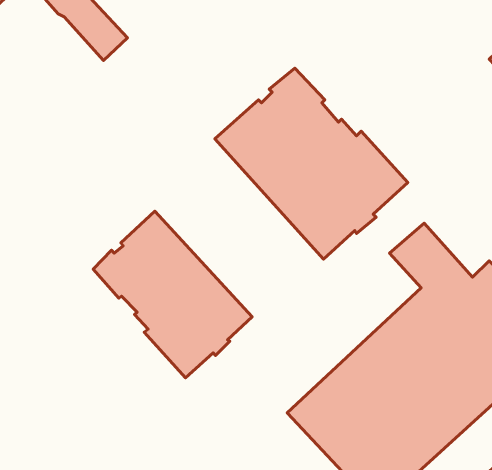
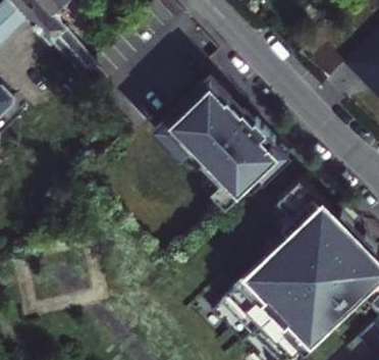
building: [93,211,252,378] -> none

